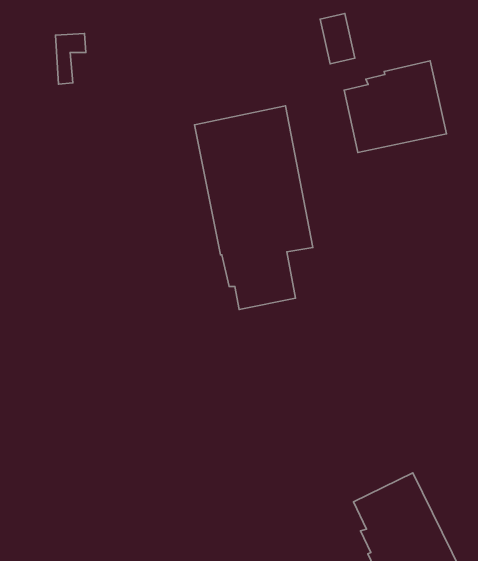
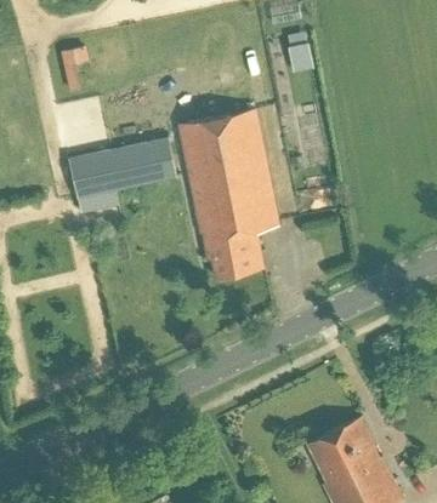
building: [344,61,447,153] -> none
building: none -> [72,139,180,201]

